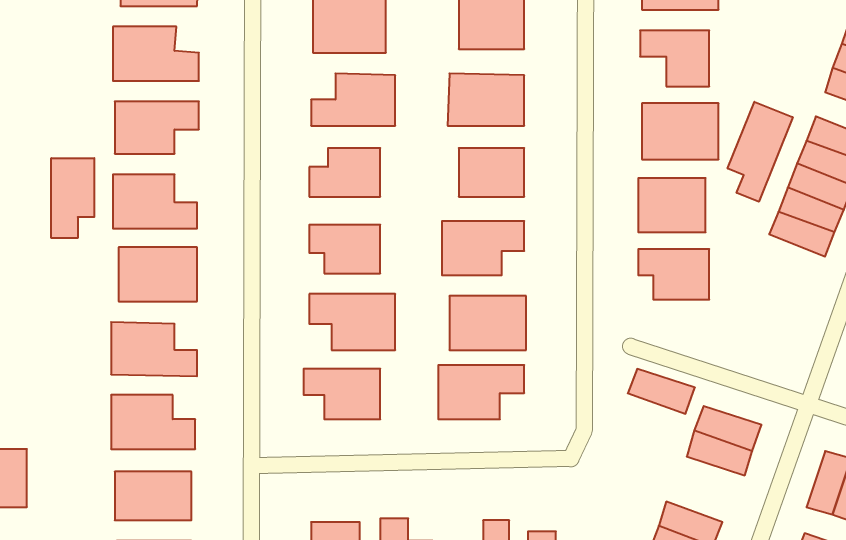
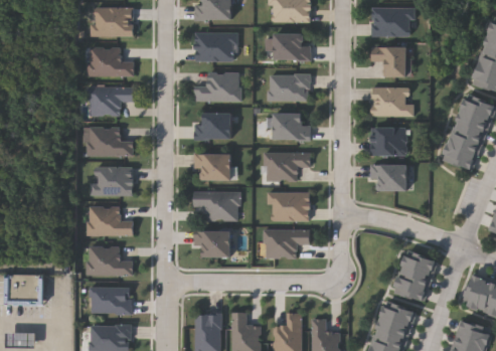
building: [728,102,793,202] -> none
building: [51,158,94,238] -> none
building: [628,369,695,414] -> [391,279,428,303]

